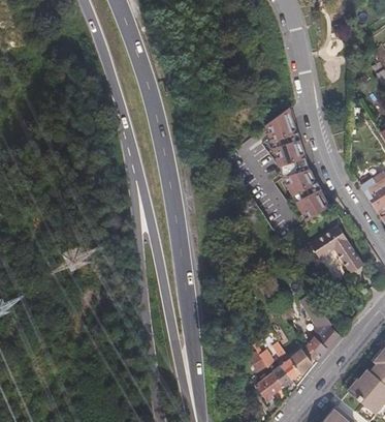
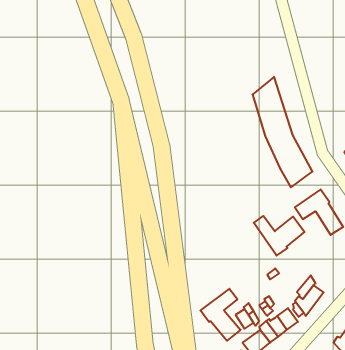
building: none -> [254,216,305,256]
building: none -> [200,289,241,341]

